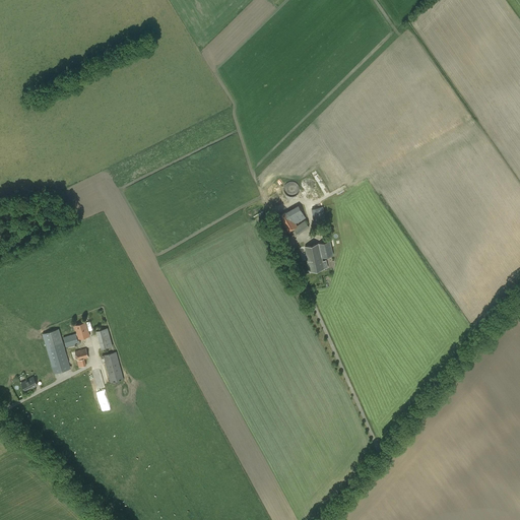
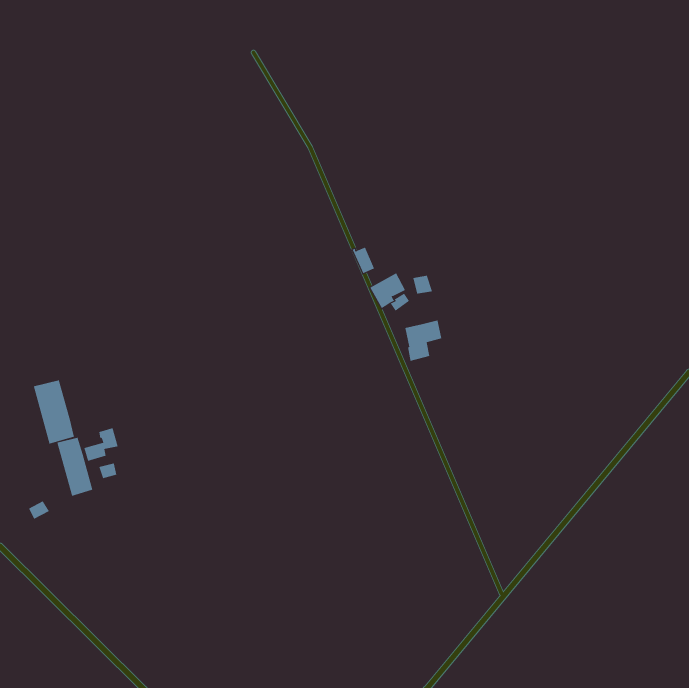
building: none -> [33,380,75,445]
building: [103,352,124,384] -> none

